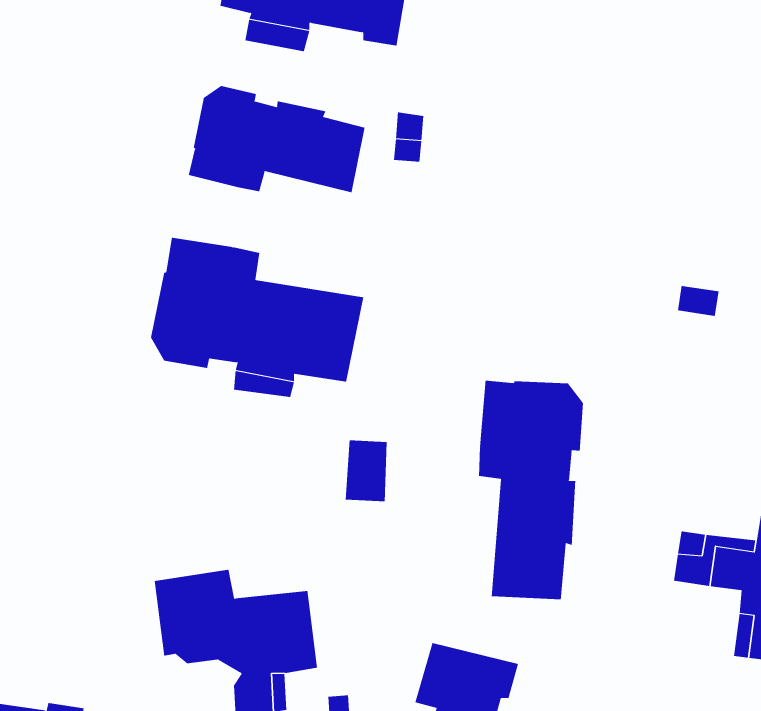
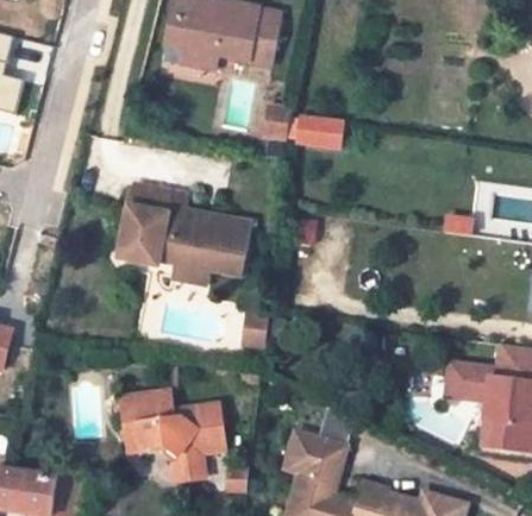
building: [188,85,365,193] -> none
building: none -> [295,115,344,144]
building: [478,380,583,600] -> none

